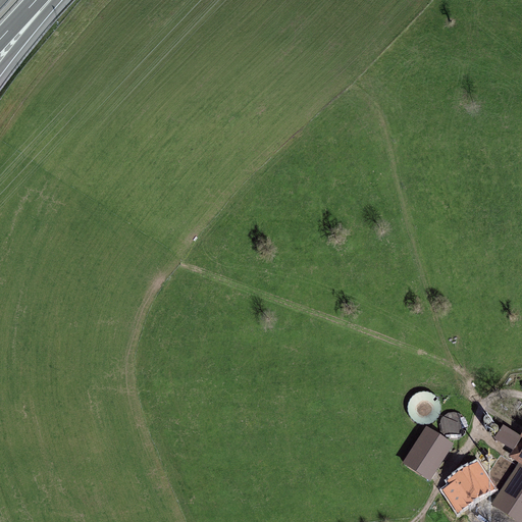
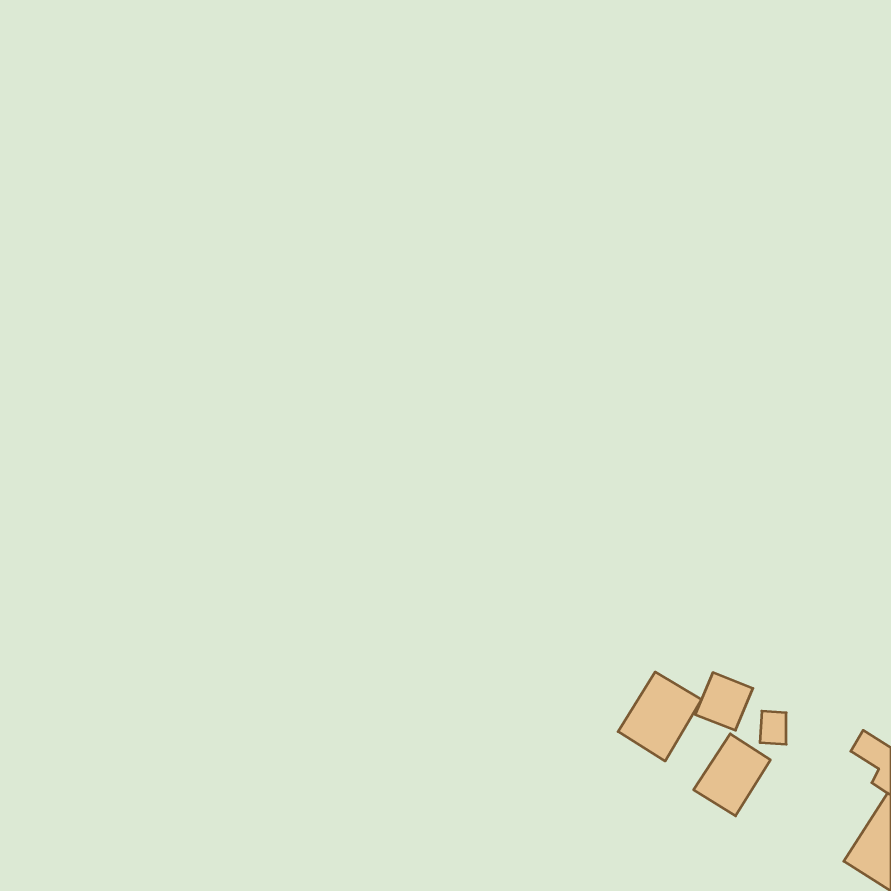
building: none -> [618,672,702,761]
building: [443,463,490,510] -> none

